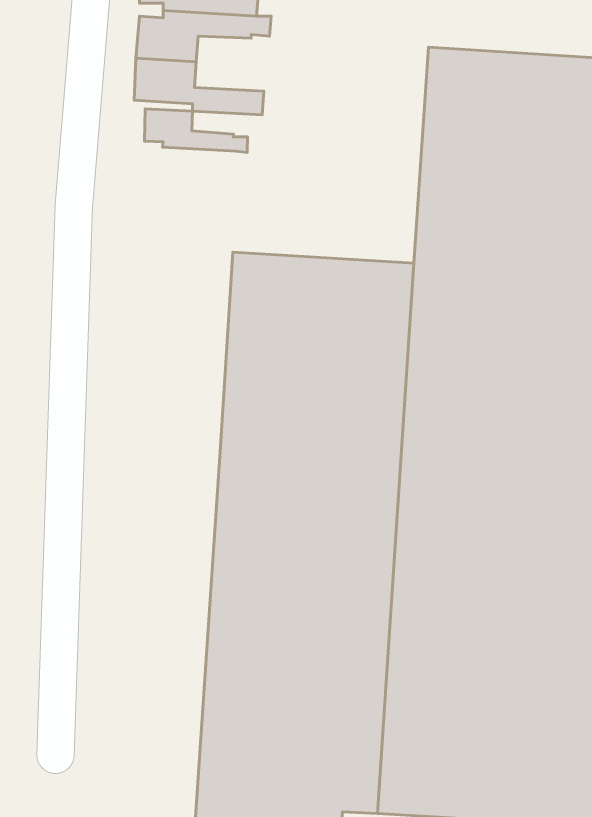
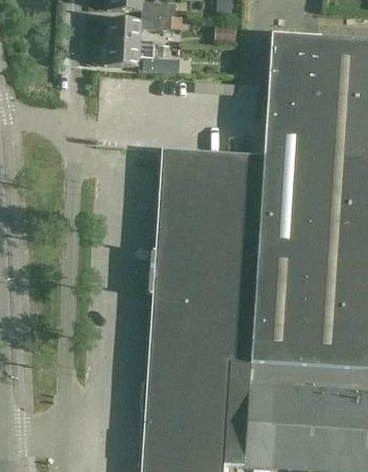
building: [144,109,247,152] -> none

